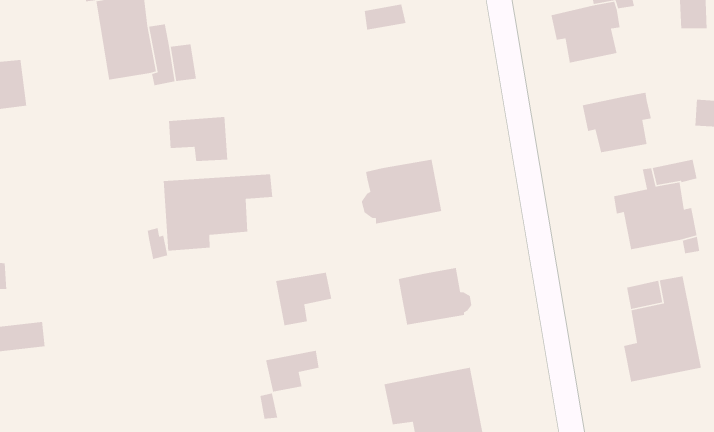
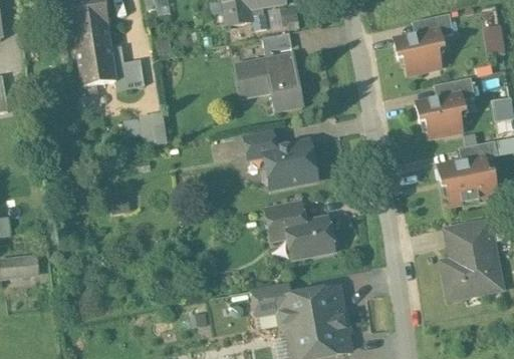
building: none -> [233,53,303,112]
building: none -> [442,78,475,100]
building: none -> [245,132,275,158]
building: [163,173,273,251] -> none
building: [275,272,332,326] -> [265,203,305,241]
building: [265,350,319,393] -> [252,284,290,314]

